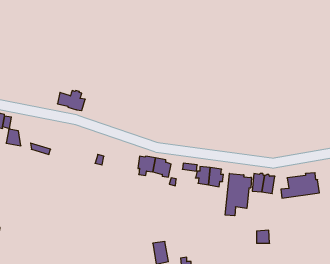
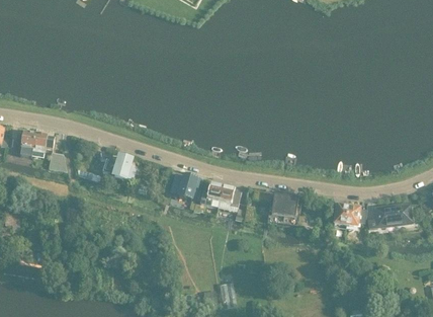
building: [57,91,85,111] -> [102,156,135,179]
building: none -> [171,175,196,200]
building: [225,173,251,216] -> none

